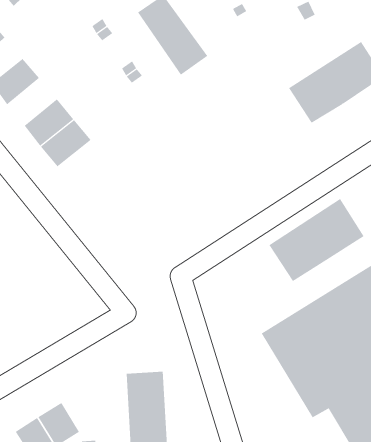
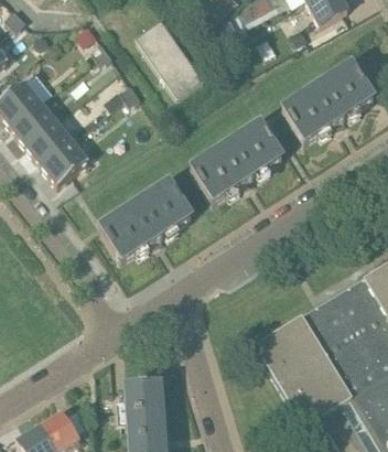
building: none -> [10,97,58,143]
building: none -> [98,179,192,260]
building: [268,198,365,282] -> [190,120,282,201]

